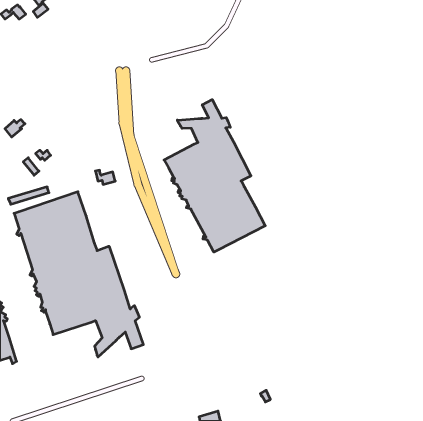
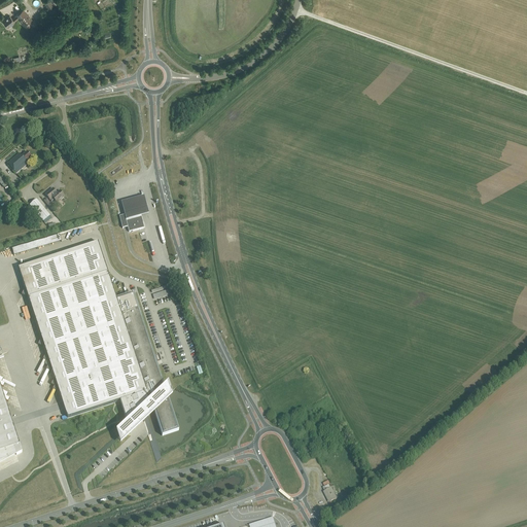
building: [164,100,265,252] -> none
building: none -> [119,192,147,217]

